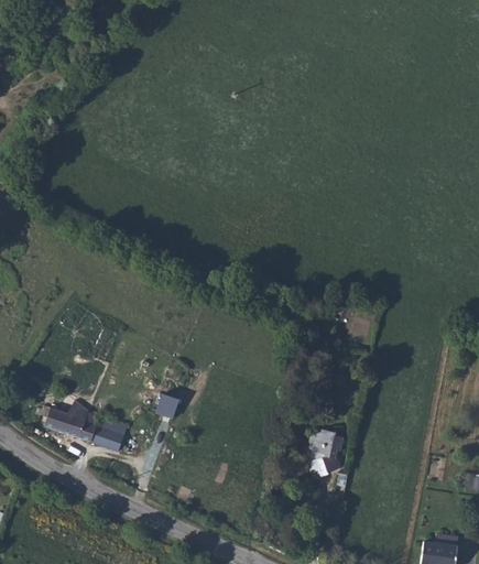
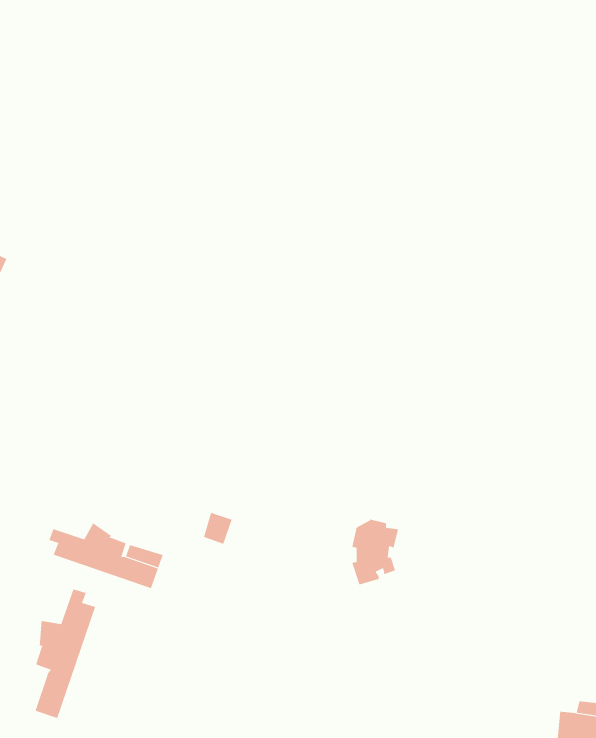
building: [307,429,342,478] -> [352,519,399,585]
building: none -> [35,588,96,719]

